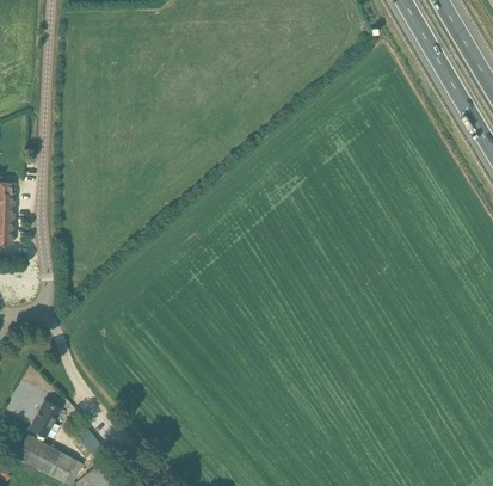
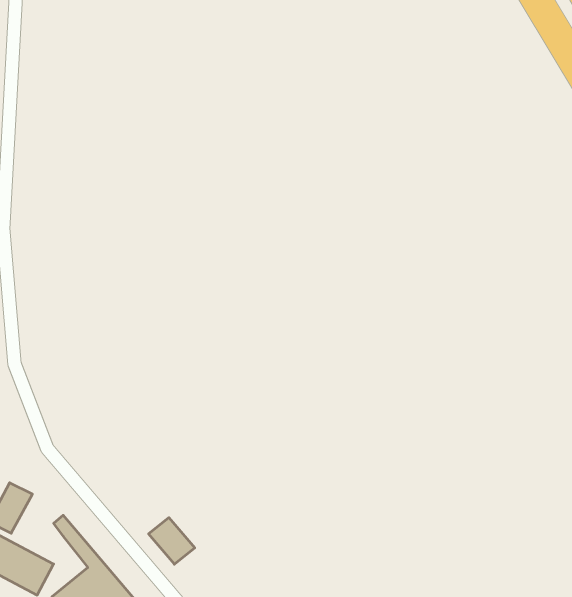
building: none -> [149,518,195,564]

